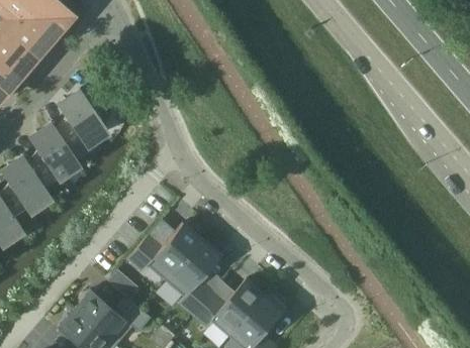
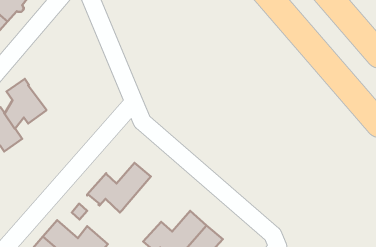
building: [57,90,107,159] -> none
building: [165,238,220,315] -> none

